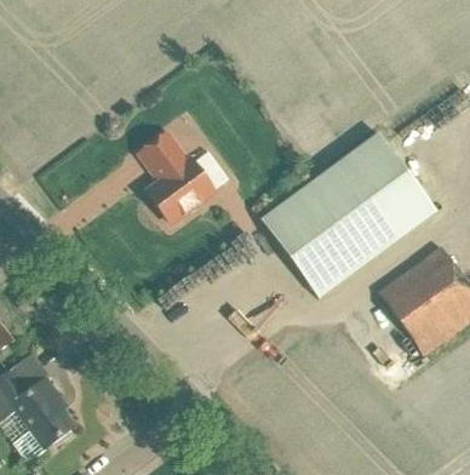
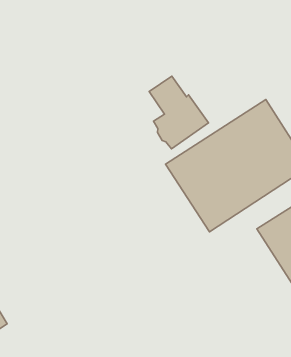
building: [141,132,216,222] -> [149,76,208,149]

